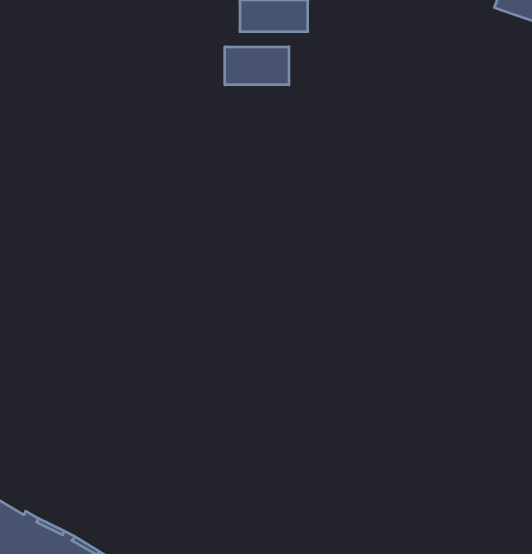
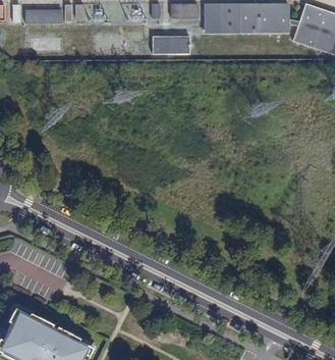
building: [225,47,289,85] -> none

